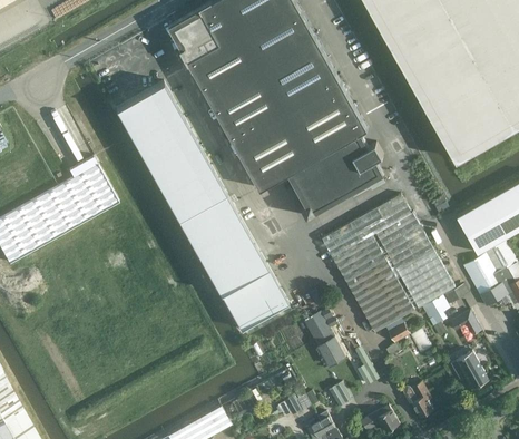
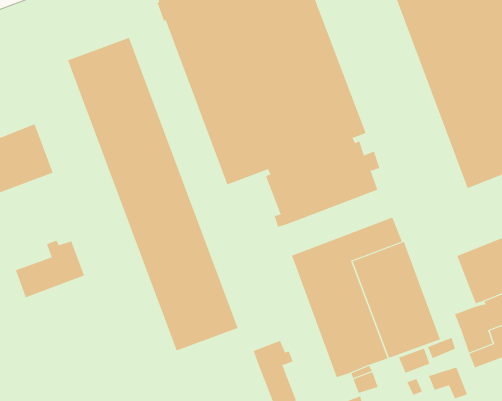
building: none -> [15,240,85,298]

